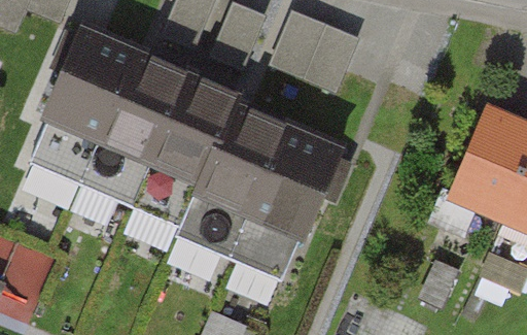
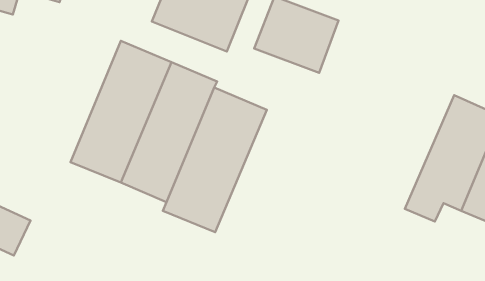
building: [27,33,133,183] -> none
building: [233,128,338,279] -> none

